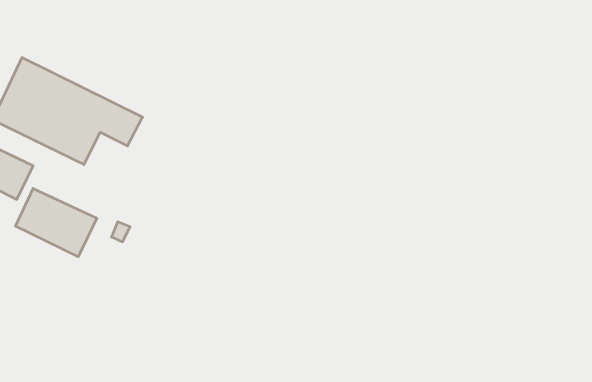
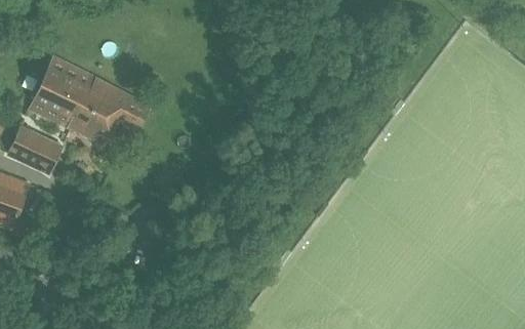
building: [16,188,97,257] -> none

